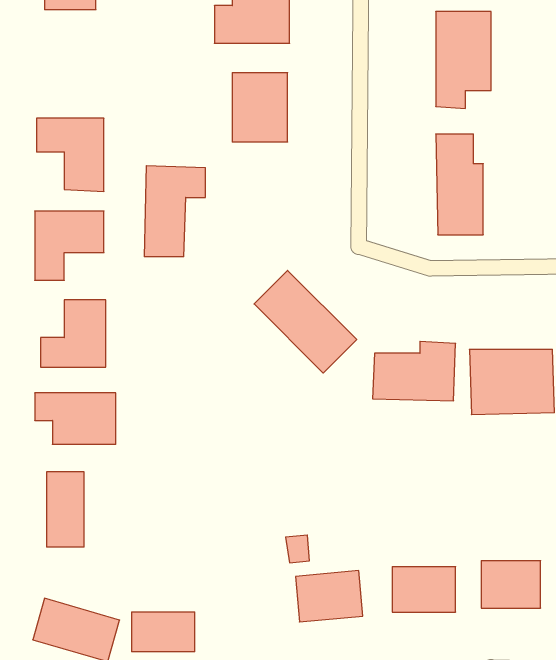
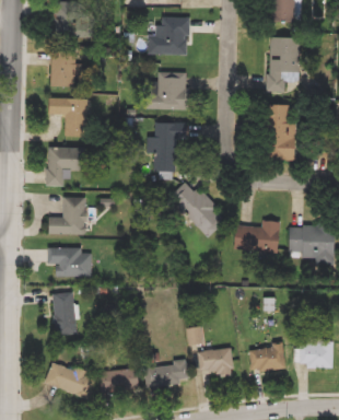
building: none -> [50,54,81,81]
building: [144,166,205,257] -> [153,121,187,172]
building: none -> [141,359,186,387]

